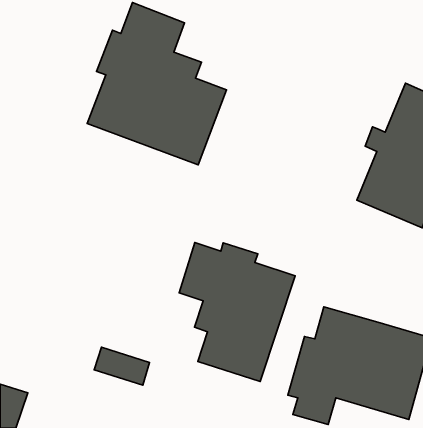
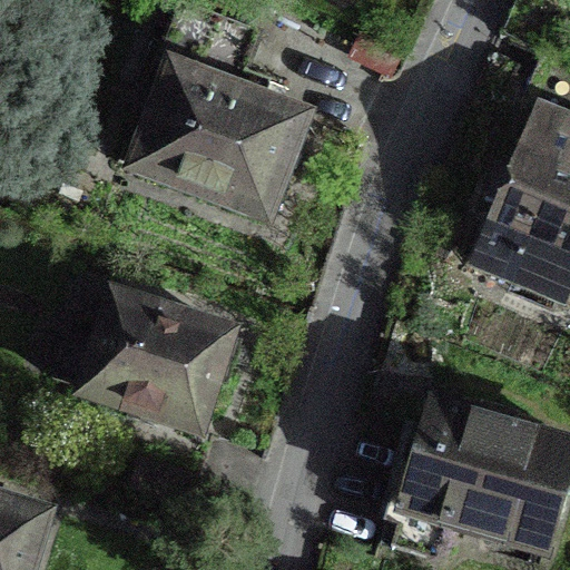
building: none -> [57,298,234,432]
building: [179,243,295,382] -> none

